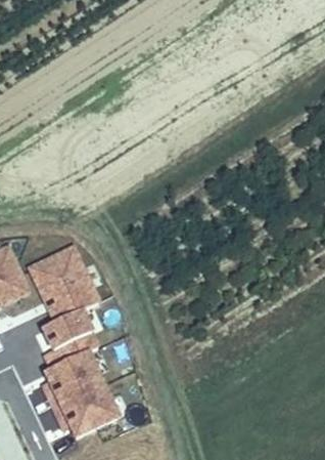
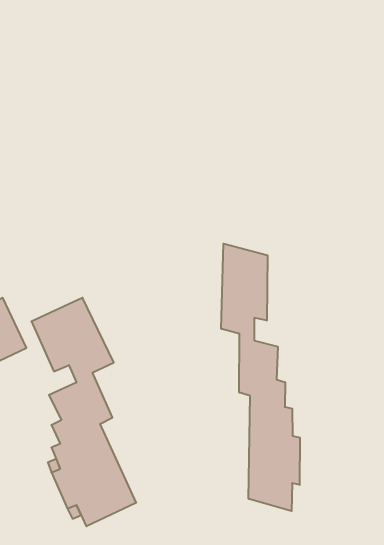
building: none -> [221,244,300,511]

